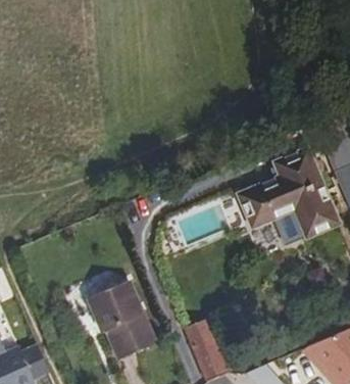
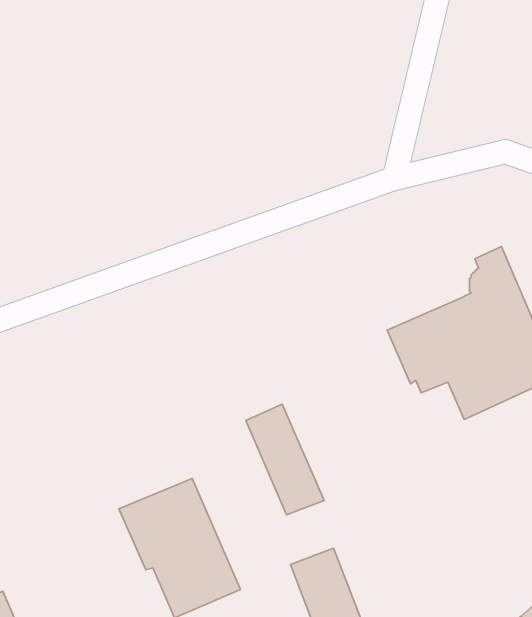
building: none -> [246,404,324,515]

